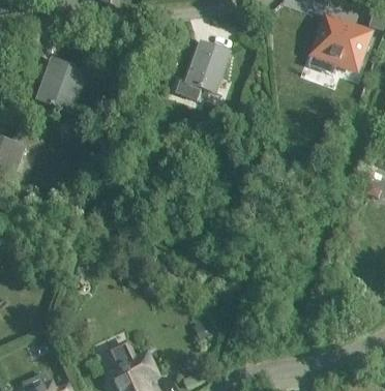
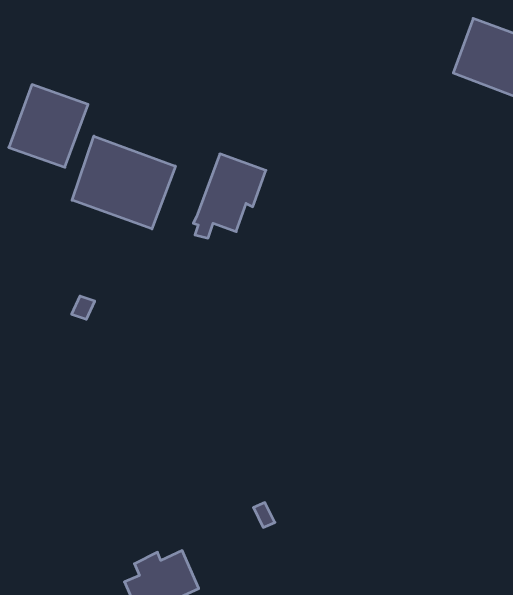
building: [182,42,228,95] -> [193,154,266,238]
building: none -> [72,136,175,229]

